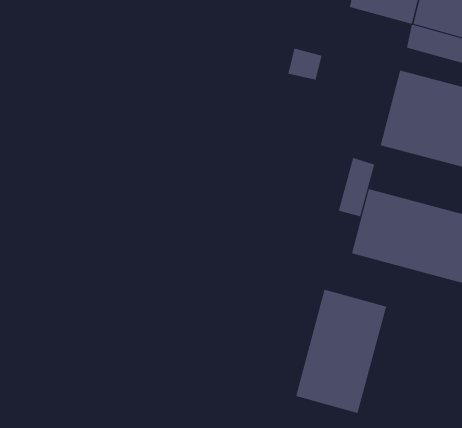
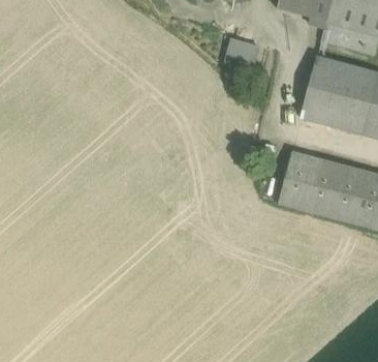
building: [338,157,375,217] -> none
building: [295,289,387,414] -> none

